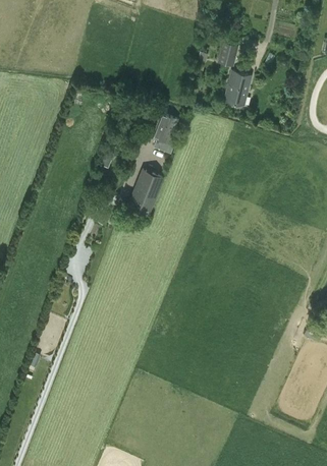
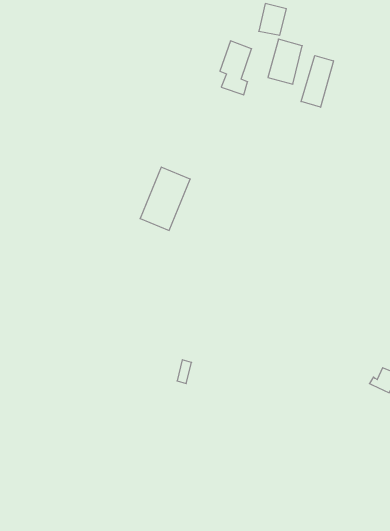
building: none -> [301,56,333,107]
building: [153,112,177,154] -> [220,41,252,95]

